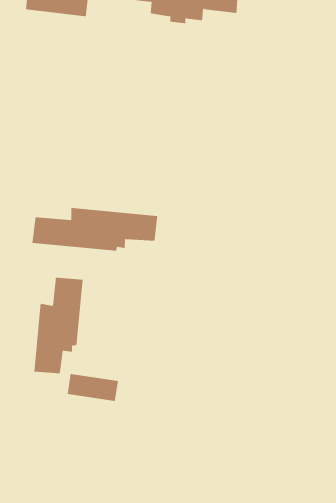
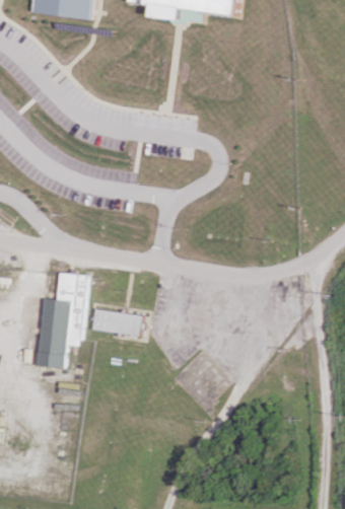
building: [32,207,158,251] -> none
building: [67,373,119,401] -> [91,308,142,336]

